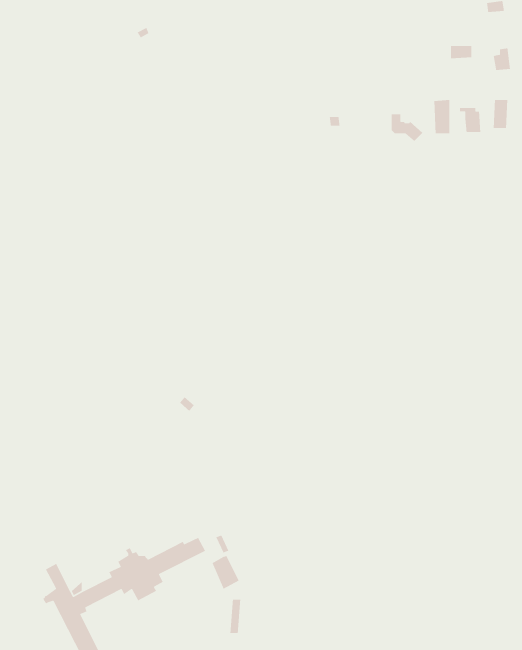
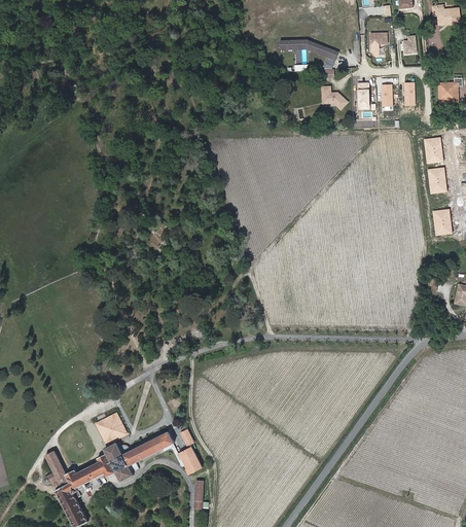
building: none -> [278,39,337,60]
building: none -> [98,414,124,440]

